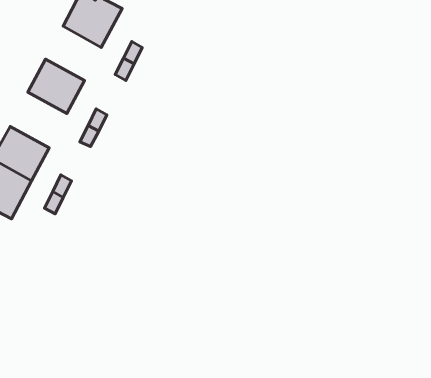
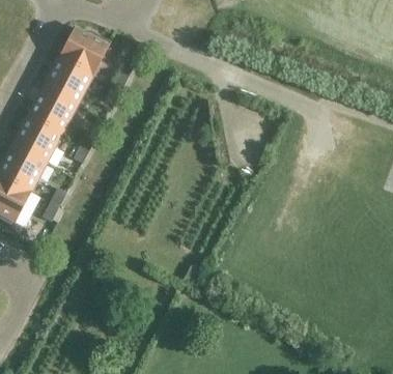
building: none -> [43,56,91,104]
building: none -> [11,114,61,163]

